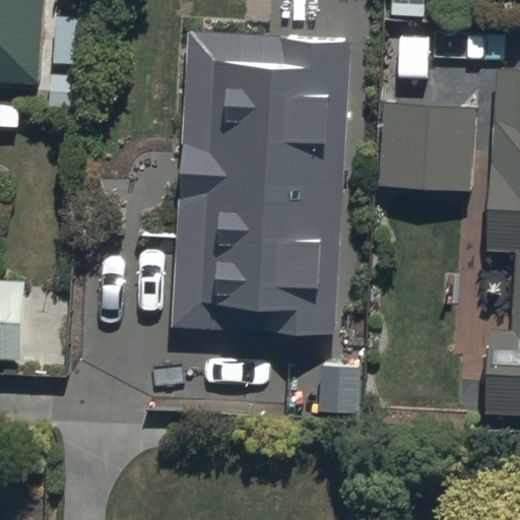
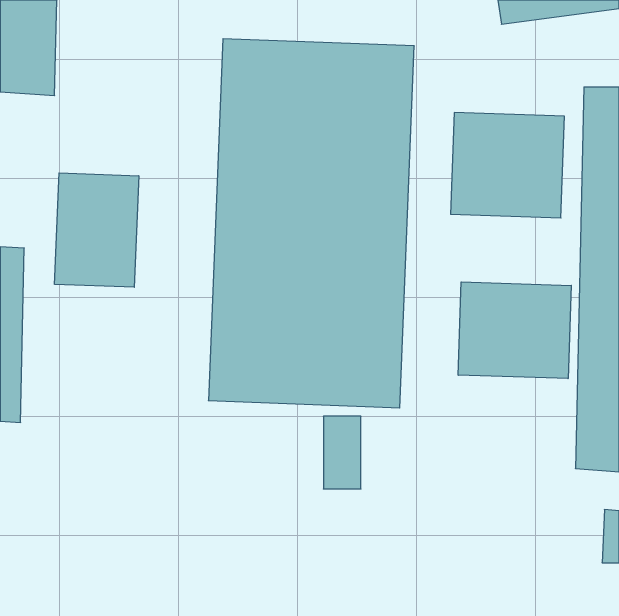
building: none -> [55,173,139,287]
building: none -> [458,282,571,379]

